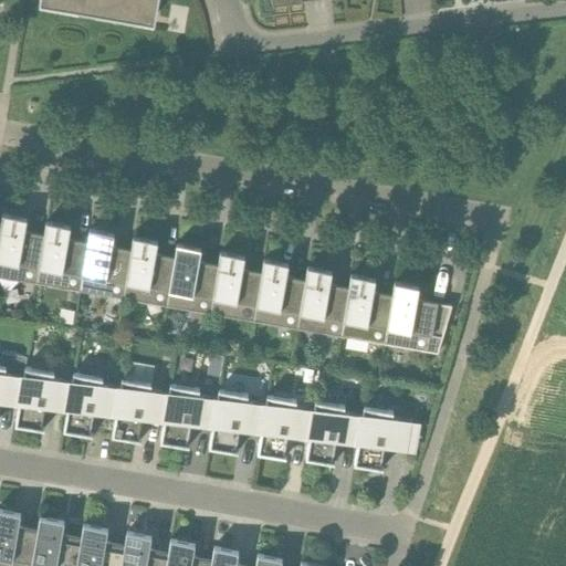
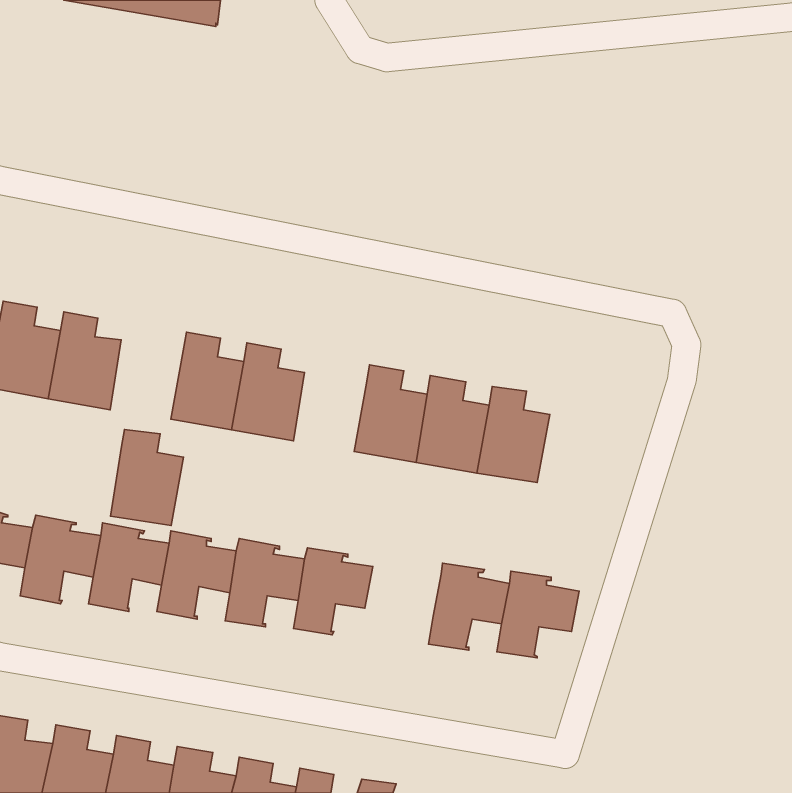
building: [78,230,130,298] -> [111,429,184,526]
building: [209,252,261,322] -> none
building: [382,282,451,354] -> none
building: [256,396,314,458] -> none

